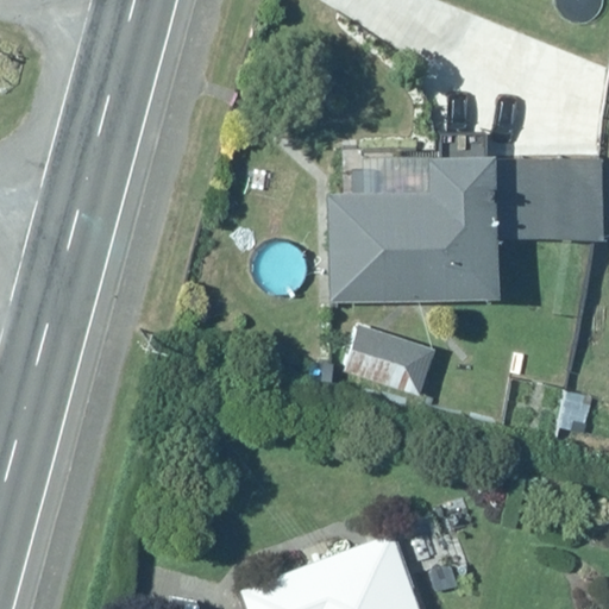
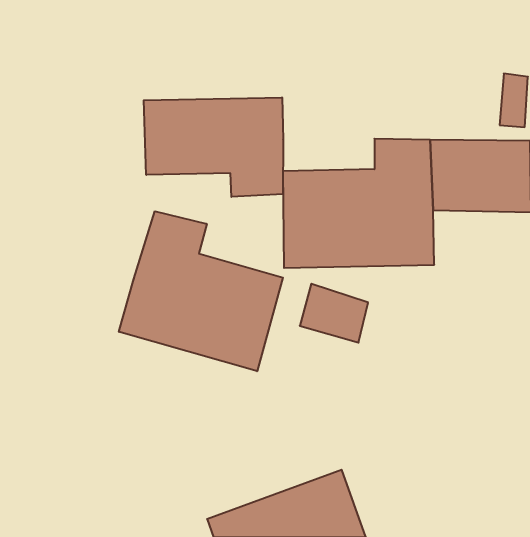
building: none -> [144,97,283,197]
building: none -> [119,211,283,371]

